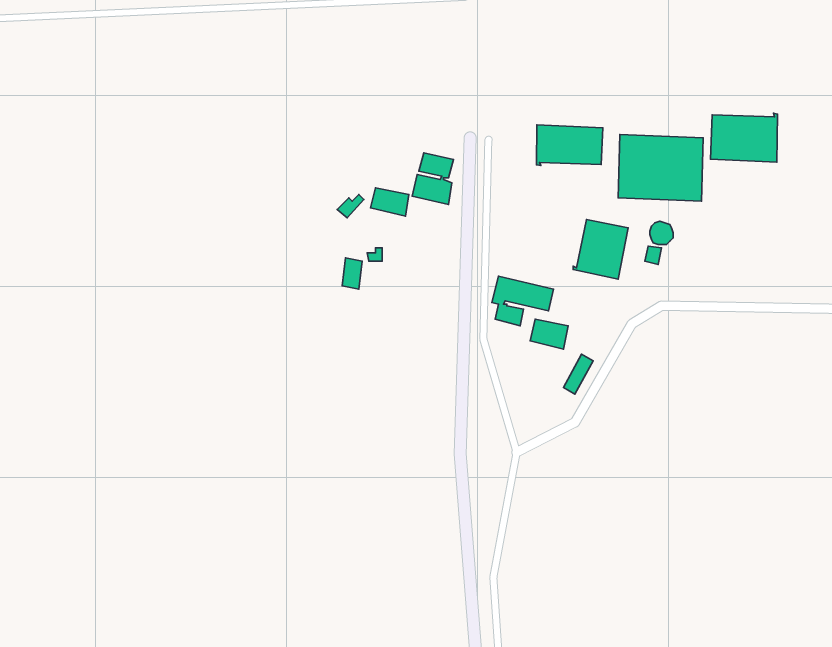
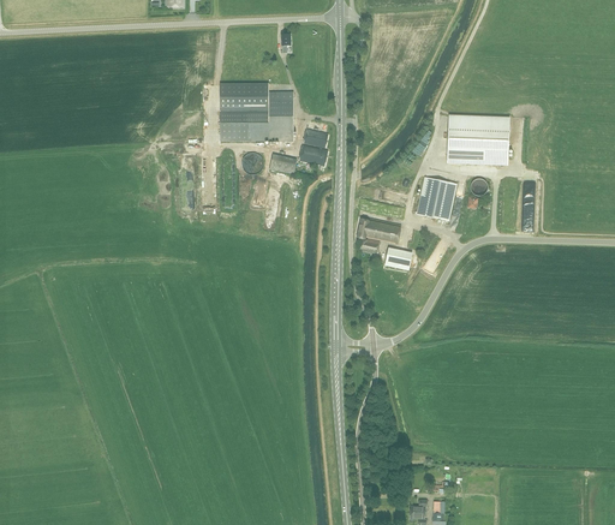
building: none -> [220,83,293,141]
building: [711,113,778,162] -> none
building: [537,125,603,166] -> none

